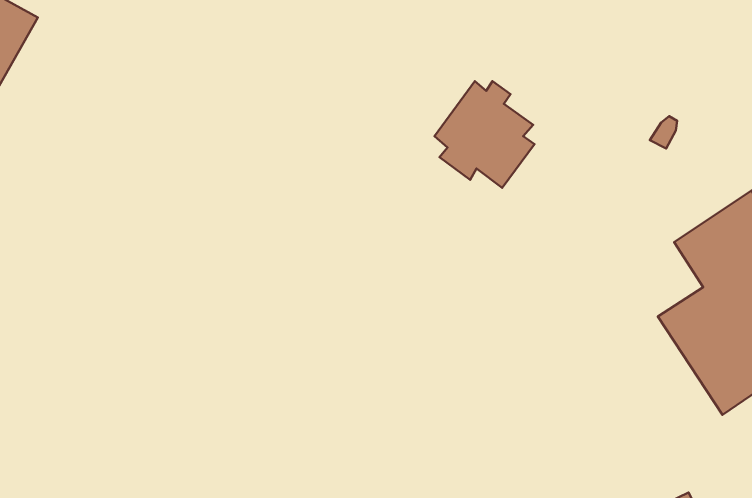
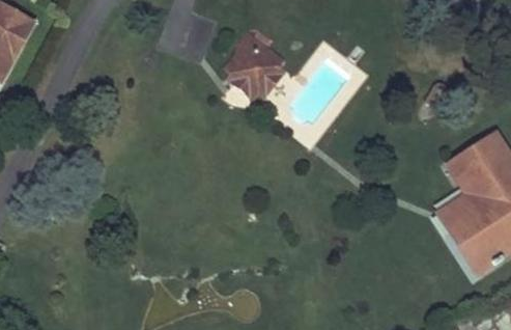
building: [435,81,535,188] -> [223,28,287,97]

